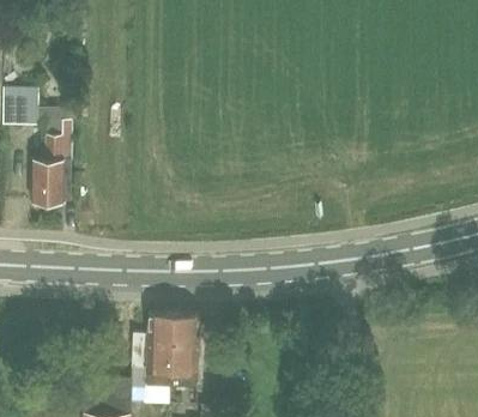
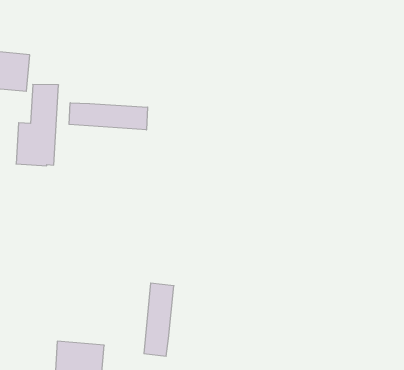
building: none -> [69,103,148,130]
building: [132,315,175,387] -> none

